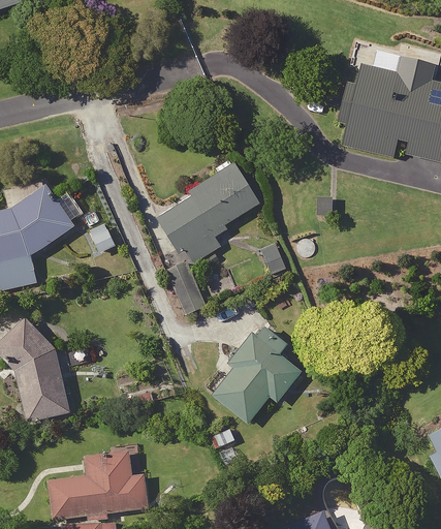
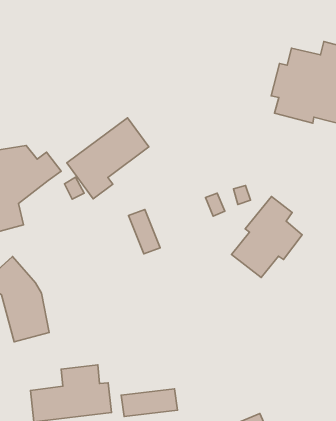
building: [157,164,256,262] -> [67,118,149,199]
building: [211,323,296,422] -> [231,196,302,277]
building: none -> [121,389,178,416]

